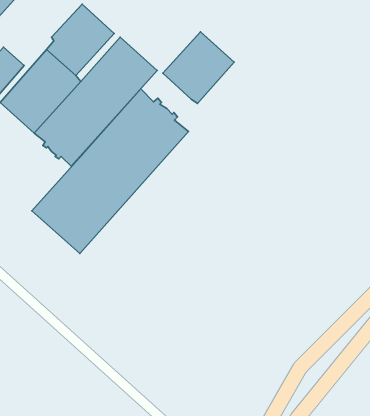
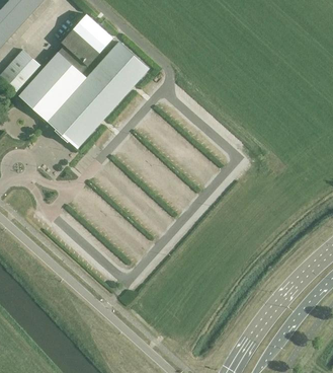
building: [163,32,234,103] -> none
building: [32,89,189,253] -> none

